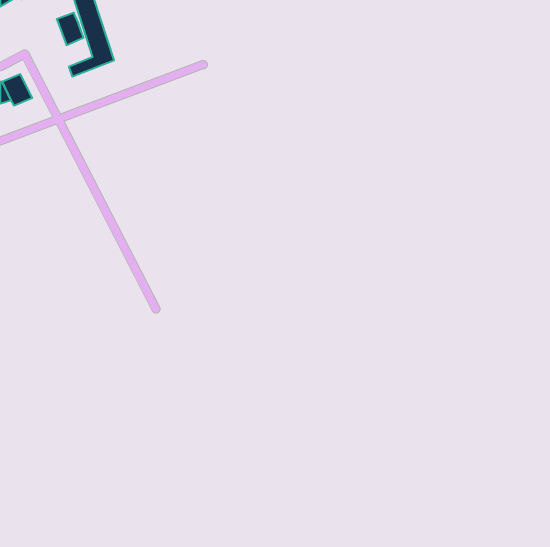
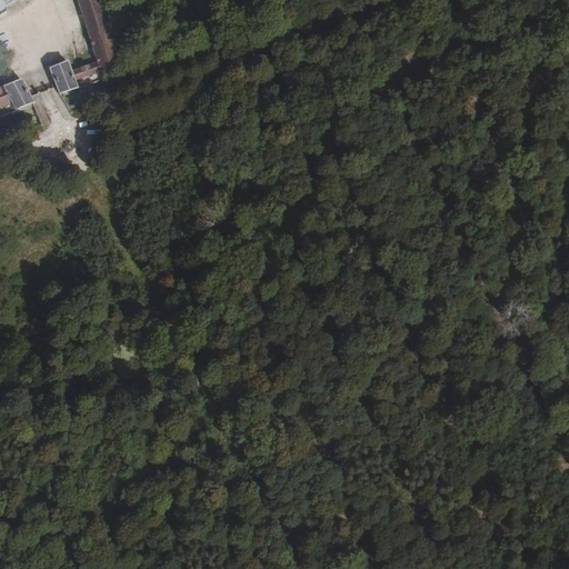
building: [57,13,84,45] -> [49,59,77,92]

